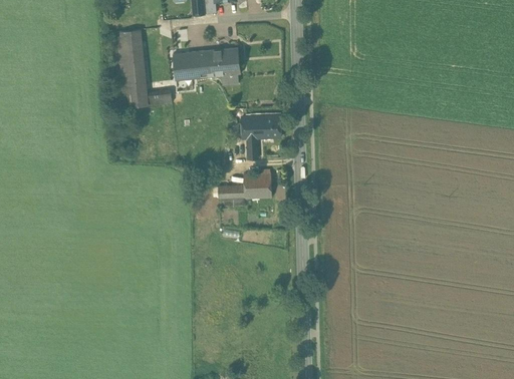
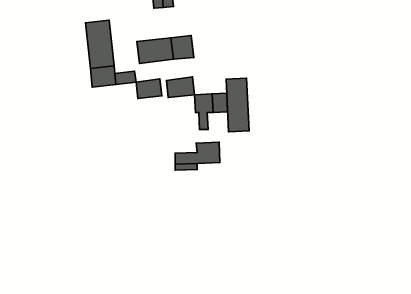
building: none -> [166,77,195,98]
building: none -> [226,78,249,132]
building: none -> [136,79,162,98]

